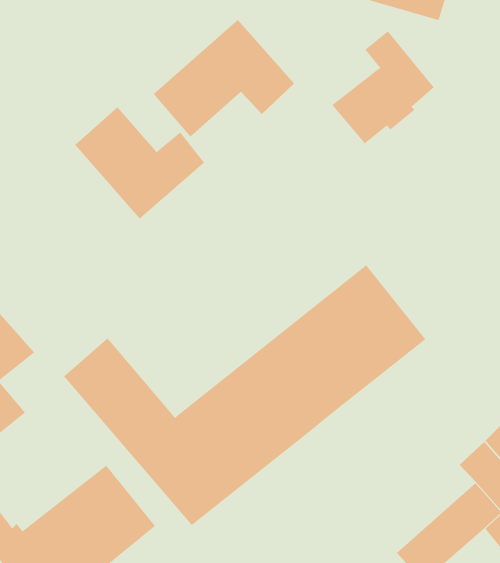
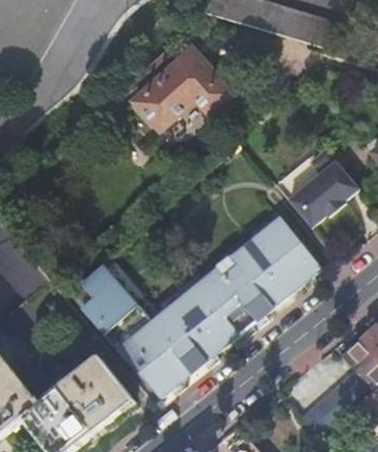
building: [332,31,435,144] -> [286,150,357,229]
building: [74,107,205,220] -> none

